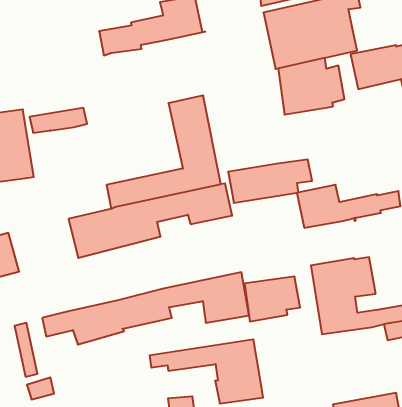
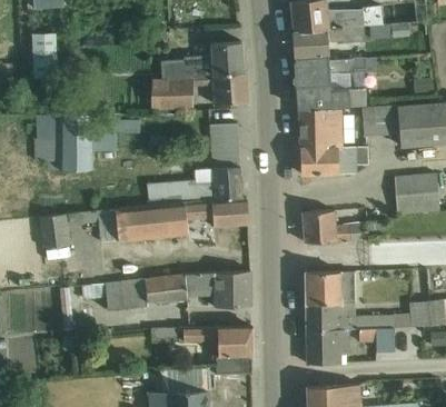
building: none -> [152,73,247,110]
building: [228,159,312,203] -> [300,148,367,175]
building: [244,277,300,321] -> [306,330,348,361]

